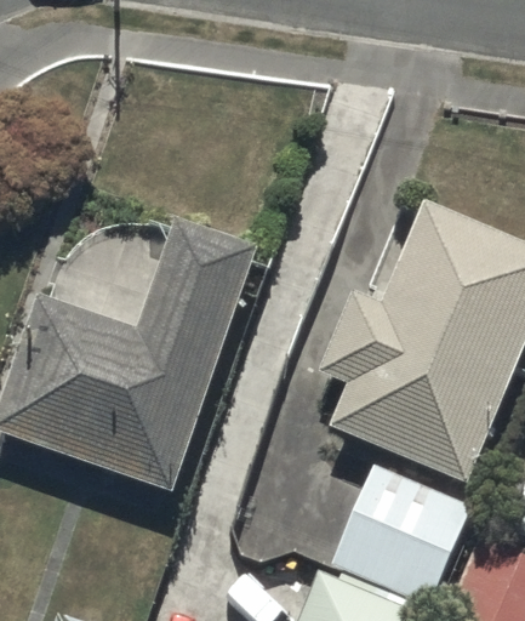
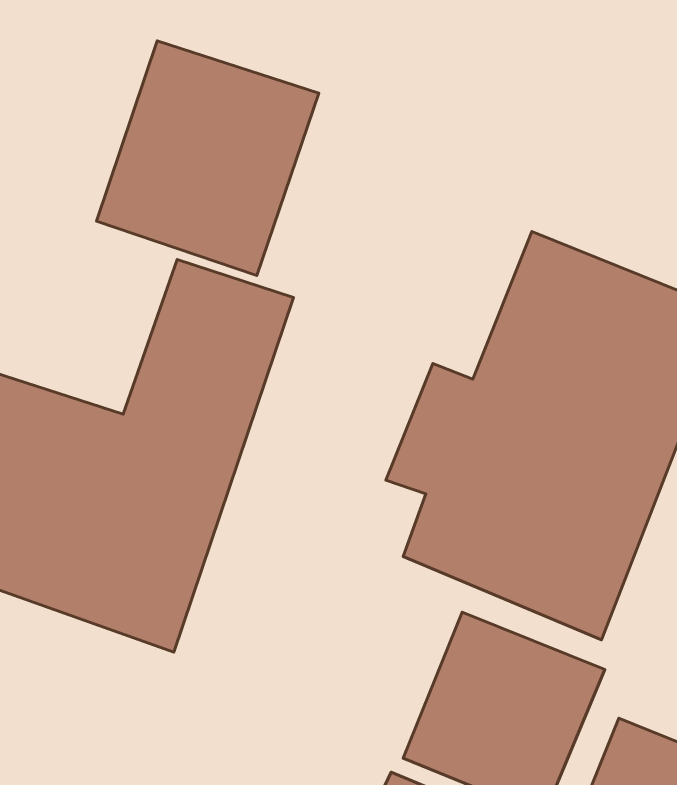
building: none -> [97,41,319,275]

